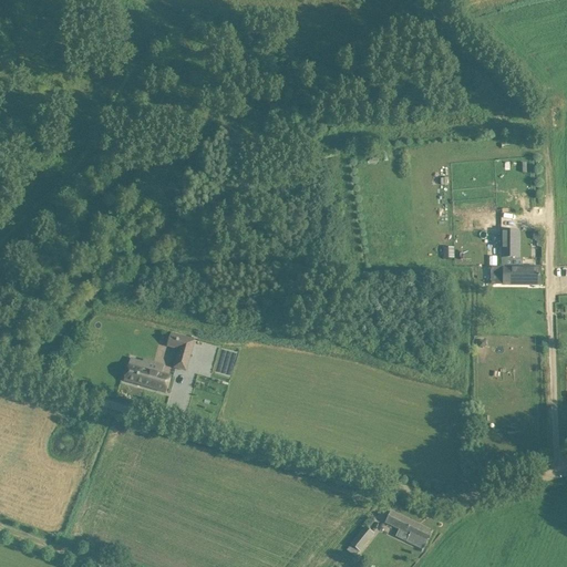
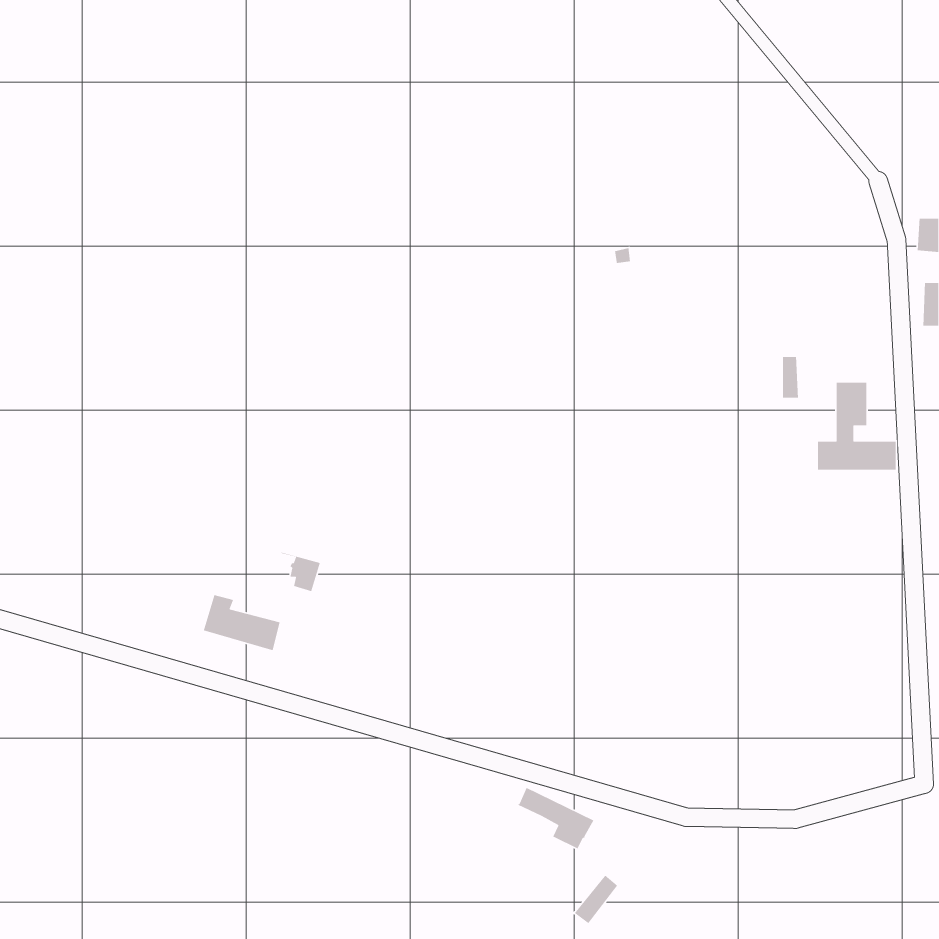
building: [383,509,430,547] -> [517,787,595,850]

